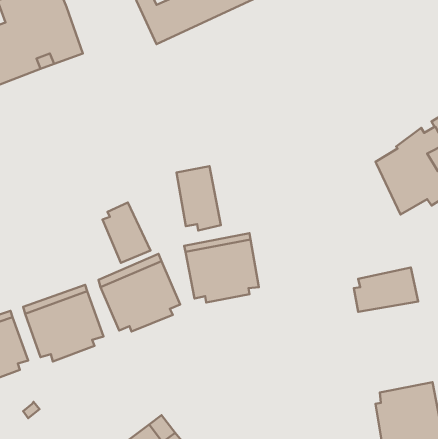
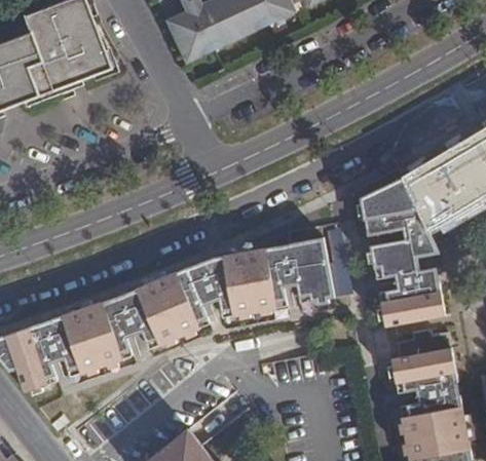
building: none -> [362,179,440,279]
building: [176,166,221,230] -> [291,238,335,302]
building: [103,202,151,263] -> none
building: none -> [392,331,457,392]

